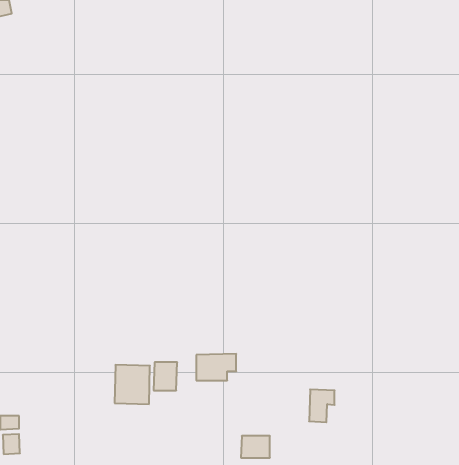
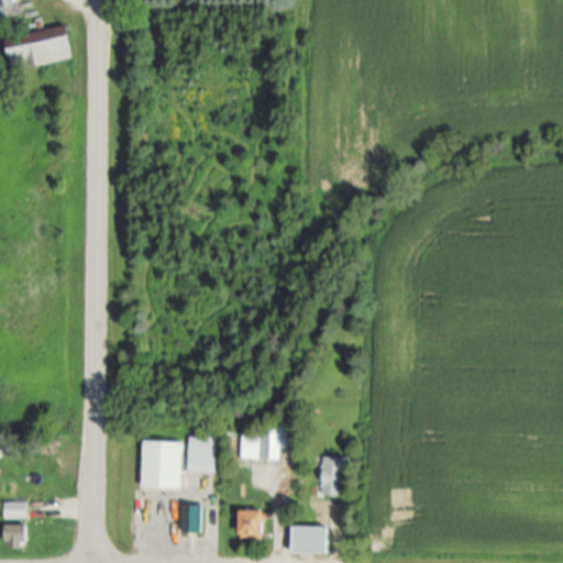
building: none -> [4,25,73,69]
building: [309,389,335,422] -> [317,456,347,496]
building: none -> [239,510,263,540]

